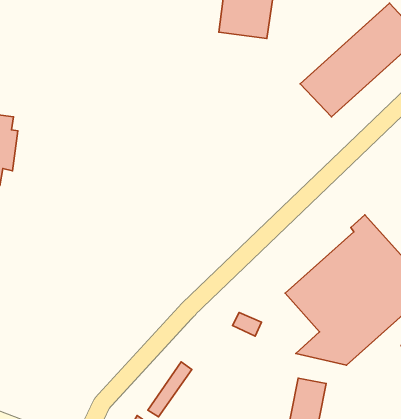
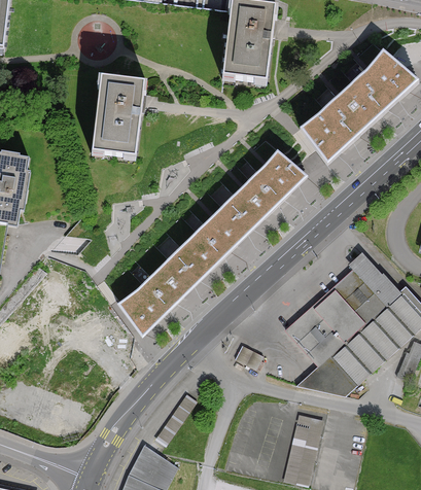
building: none -> [84,80,139,159]
building: none -> [115,150,306,334]

